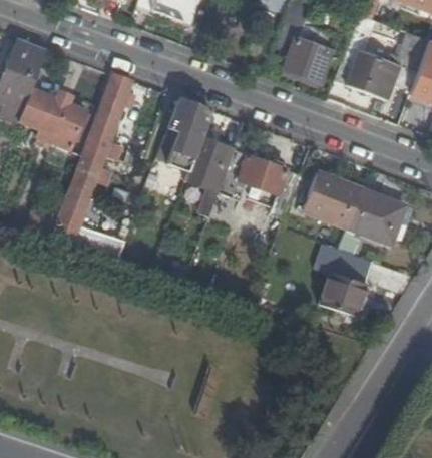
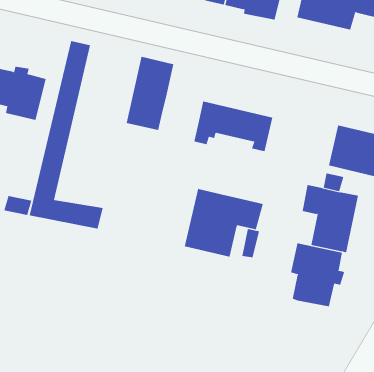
building: [185,138,229,192] -> none
building: [304,173,362,227] -> none
building: none -> [184,188,263,257]
building: none -> [290,242,345,307]

